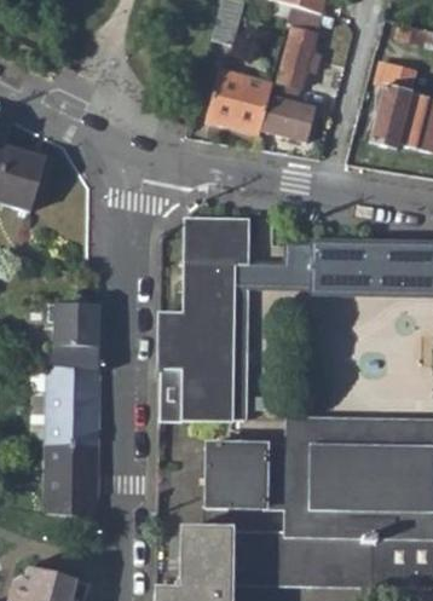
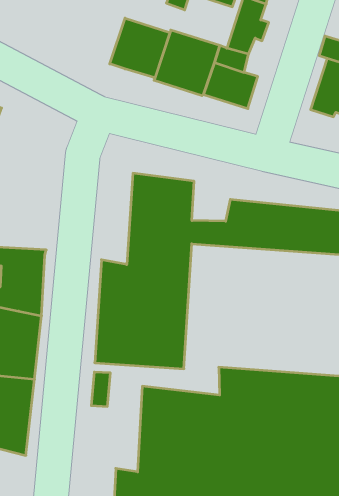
building: none -> [110,18,170,78]

